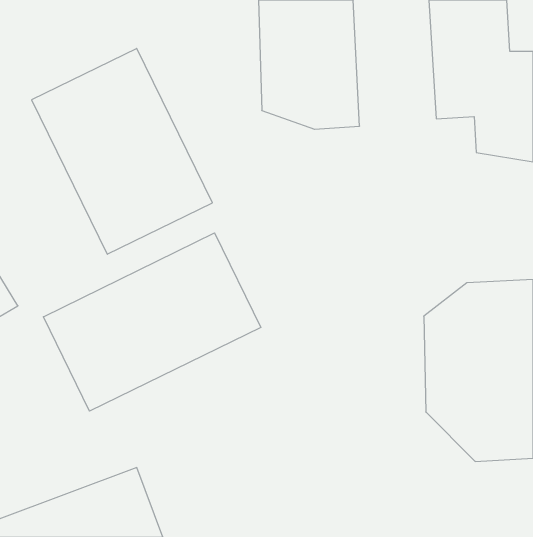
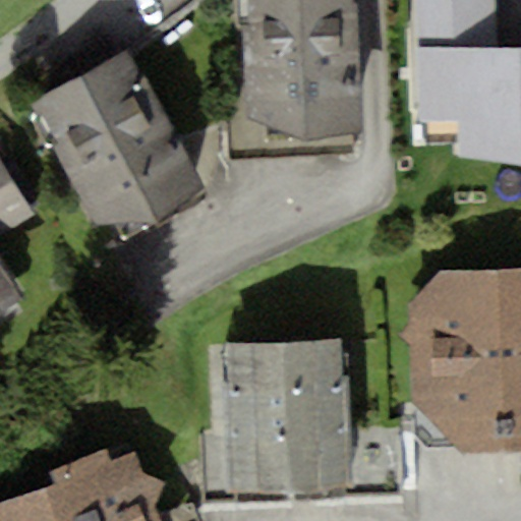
building: [43,233,261,411] -> none
building: none -> [230,340,349,502]

